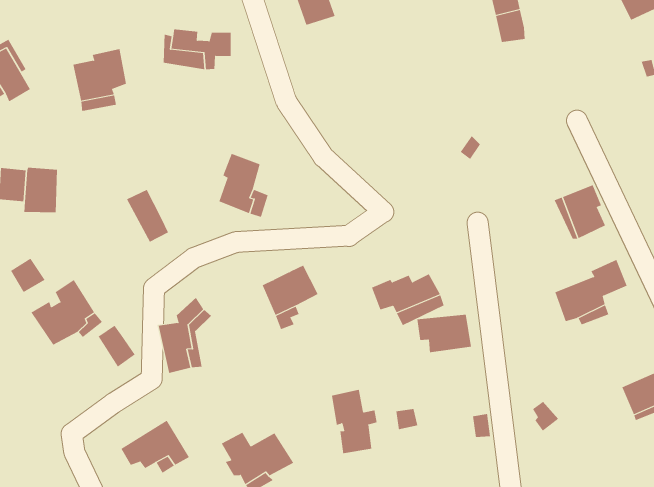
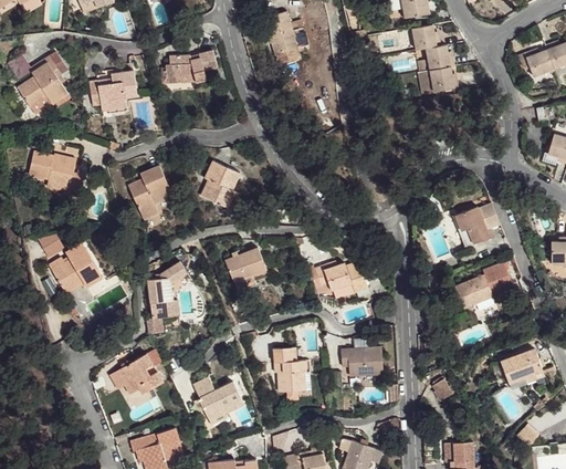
building: none -> [145,168,177,206]
building: [417,314,472,353] -> [339,345,380,373]
building: [98,325,135,368] -> none

